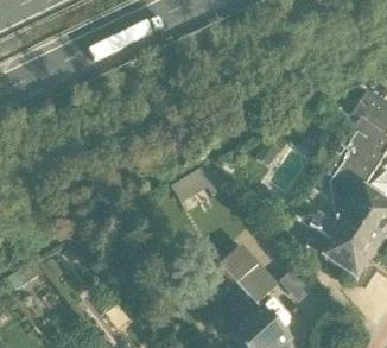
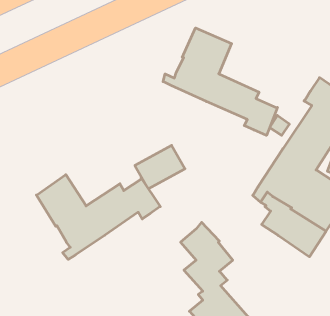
building: none -> [163,28,277,135]
building: none -> [36,175,160,259]

